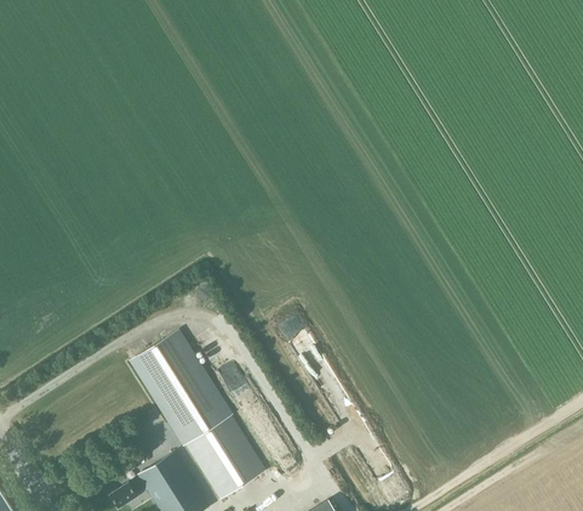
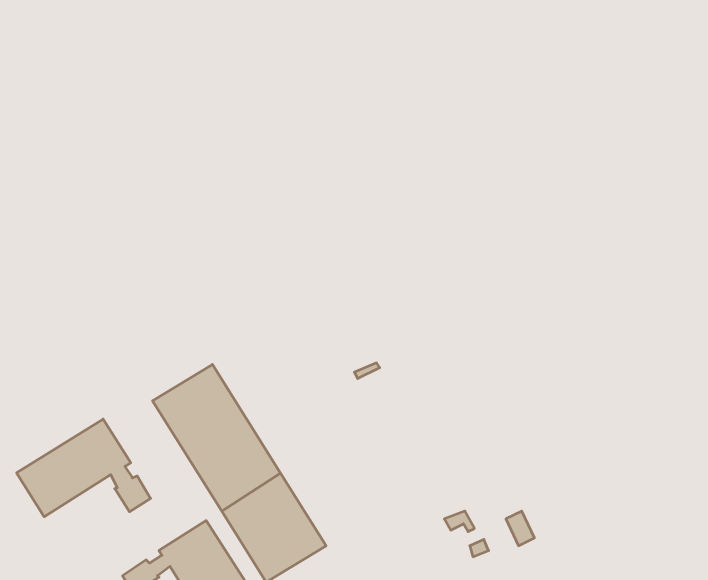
building: none -> [17,419,151,517]

